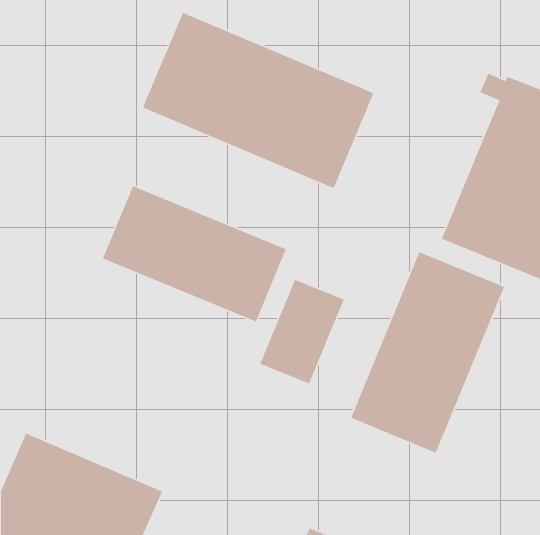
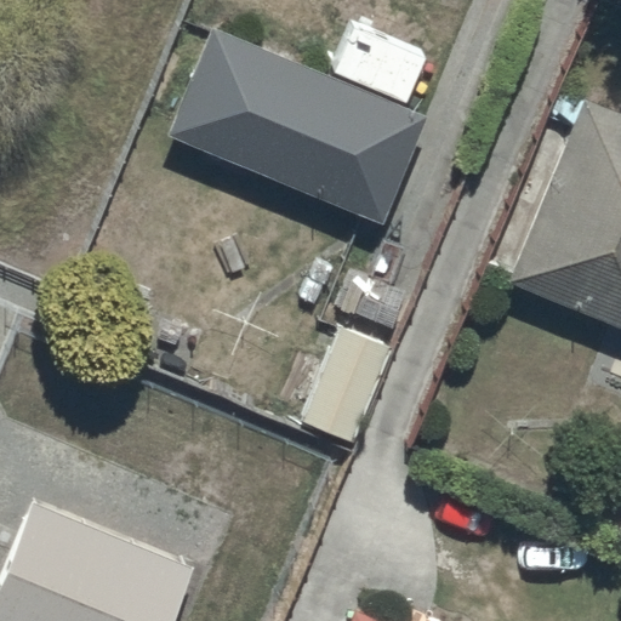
building: [102,185,287,323] -> none
building: [350,251,505,454] -> none

